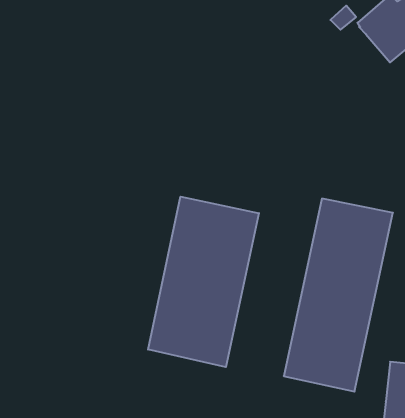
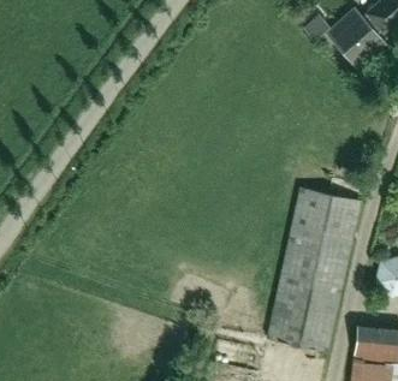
building: [148,197,259,367] -> none

